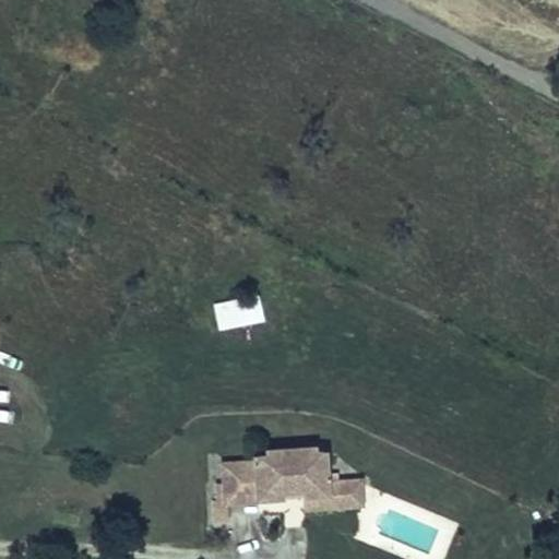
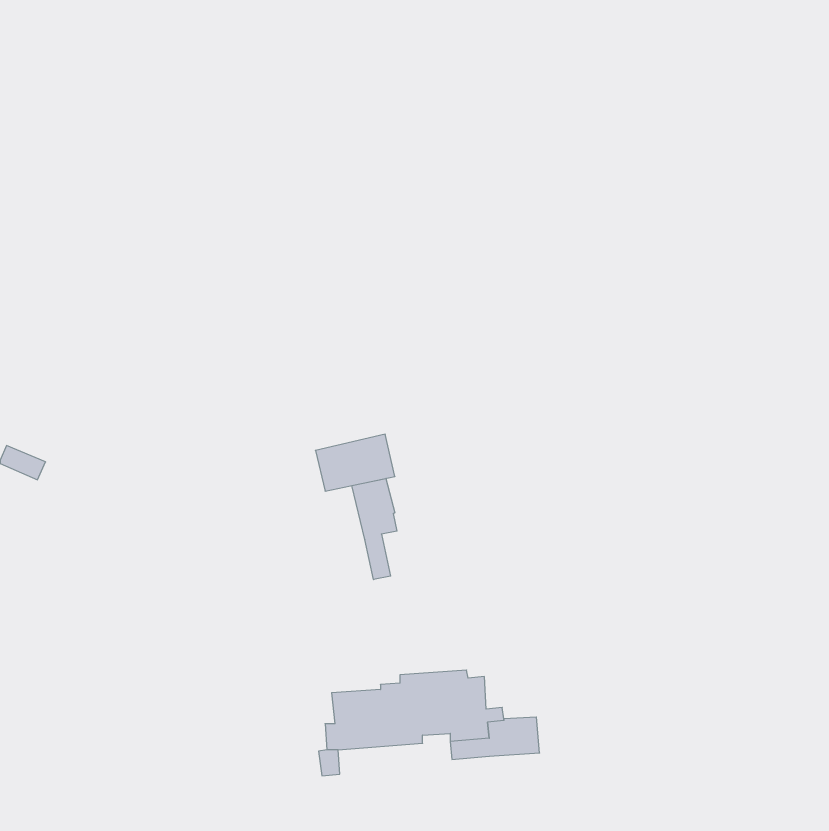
building: none -> [352,478,397,580]

